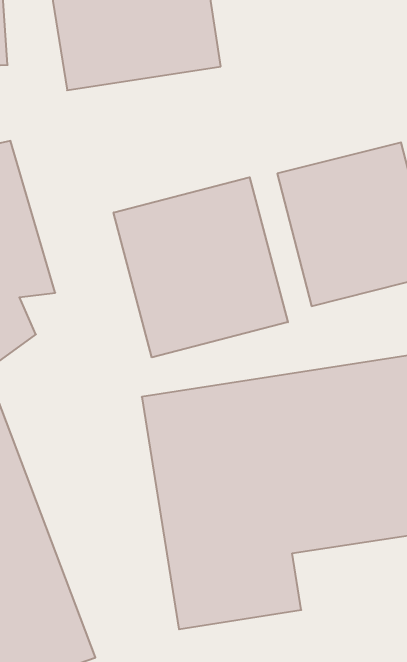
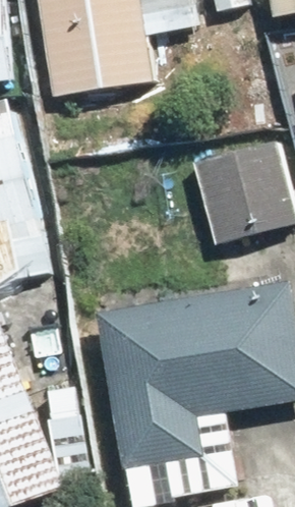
building: [114,177,288,357] -> none

